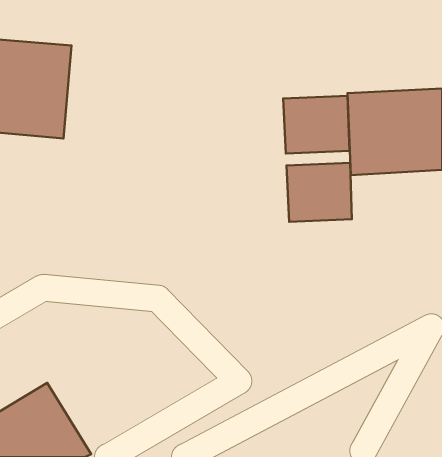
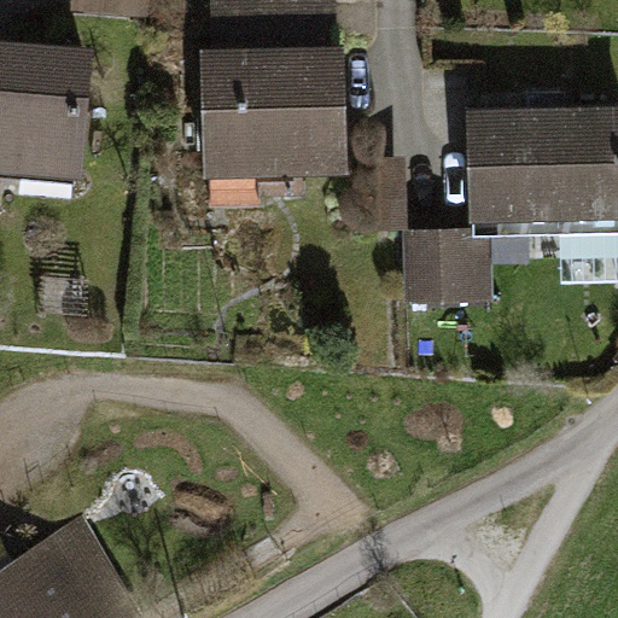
building: none -> [204,7,354,192]
building: [283,96,349,154] -> none

